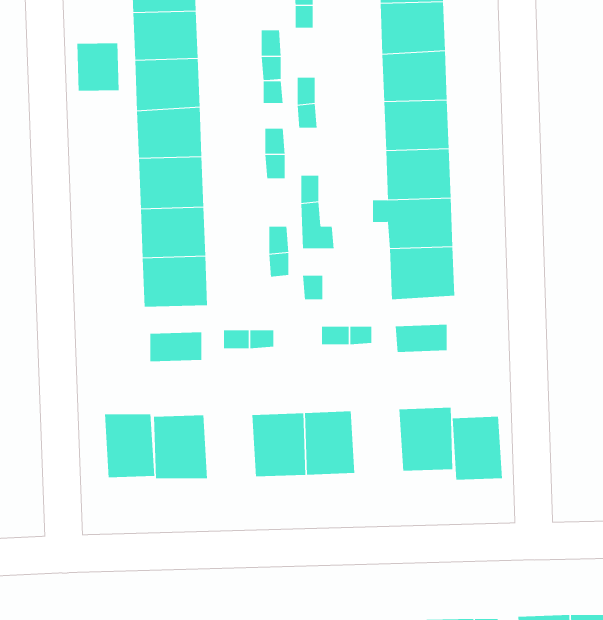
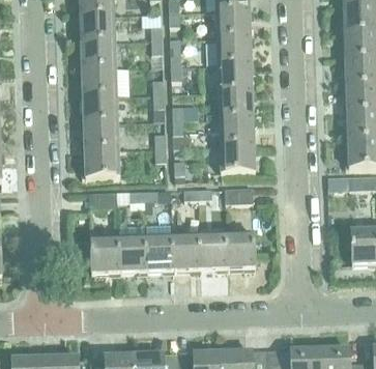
building: [77,42,119,92] -> none
building: [104,414,155,478] -> [119,236,147,272]
building: [452,416,503,480] -> [200,233,228,268]

